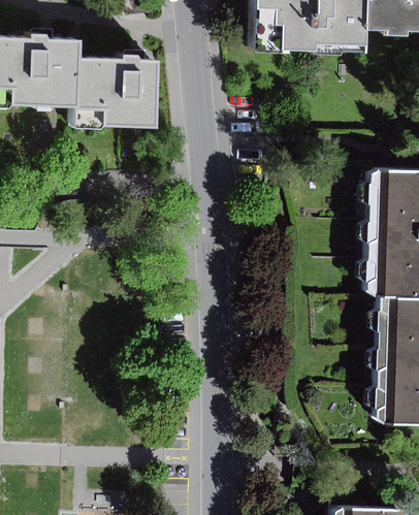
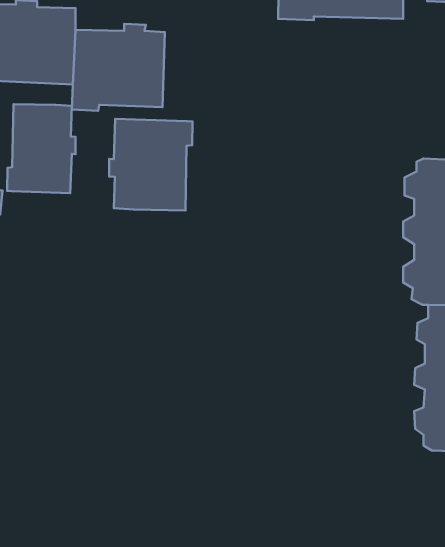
building: none -> [7,104,76,193]
building: none -> [109,119,193,211]

